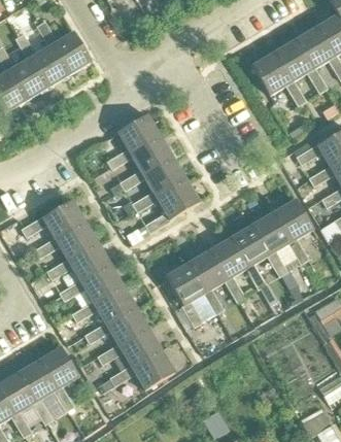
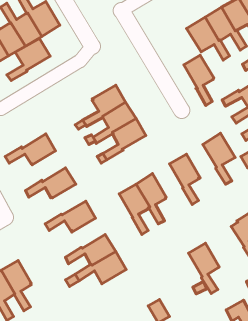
building: [107,115,162,169] -> [7,38,50,81]
building: [251,213,289,277] -> [184,55,214,105]
building: [34,222,98,261] -> none
building: [208,238,247,302] -> [188,243,219,294]
building: [60,264,124,303] -> none
building: [84,307,148,345] -> none
building: [38,347,78,412] -> none

